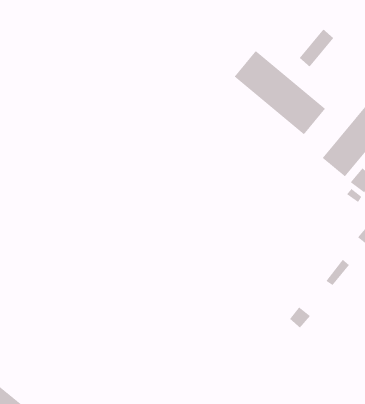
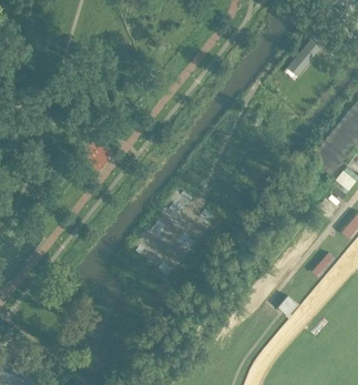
building: [234,50,326,135] -> none

